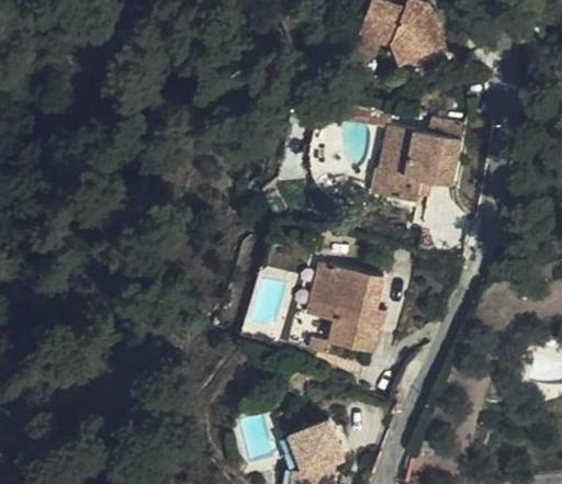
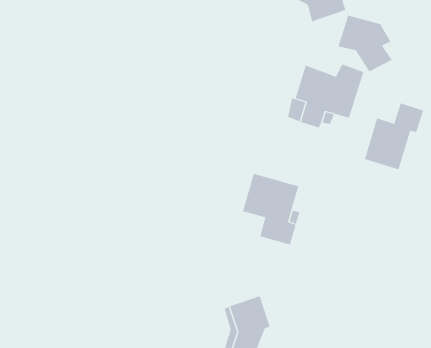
building: none -> [338,15,393,72]
building: none -> [364,103,424,170]

